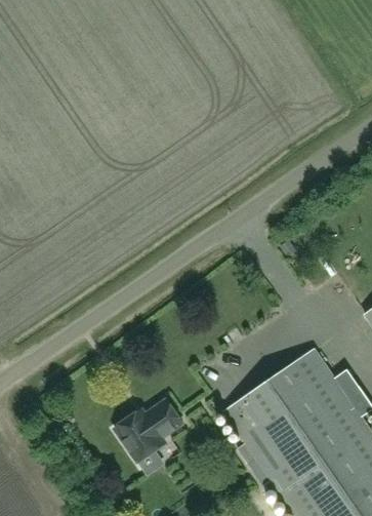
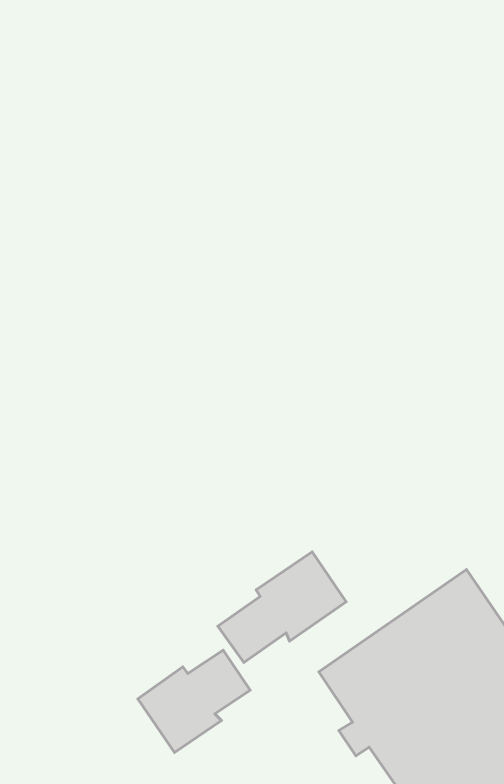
building: none -> [218,552,346,663]

